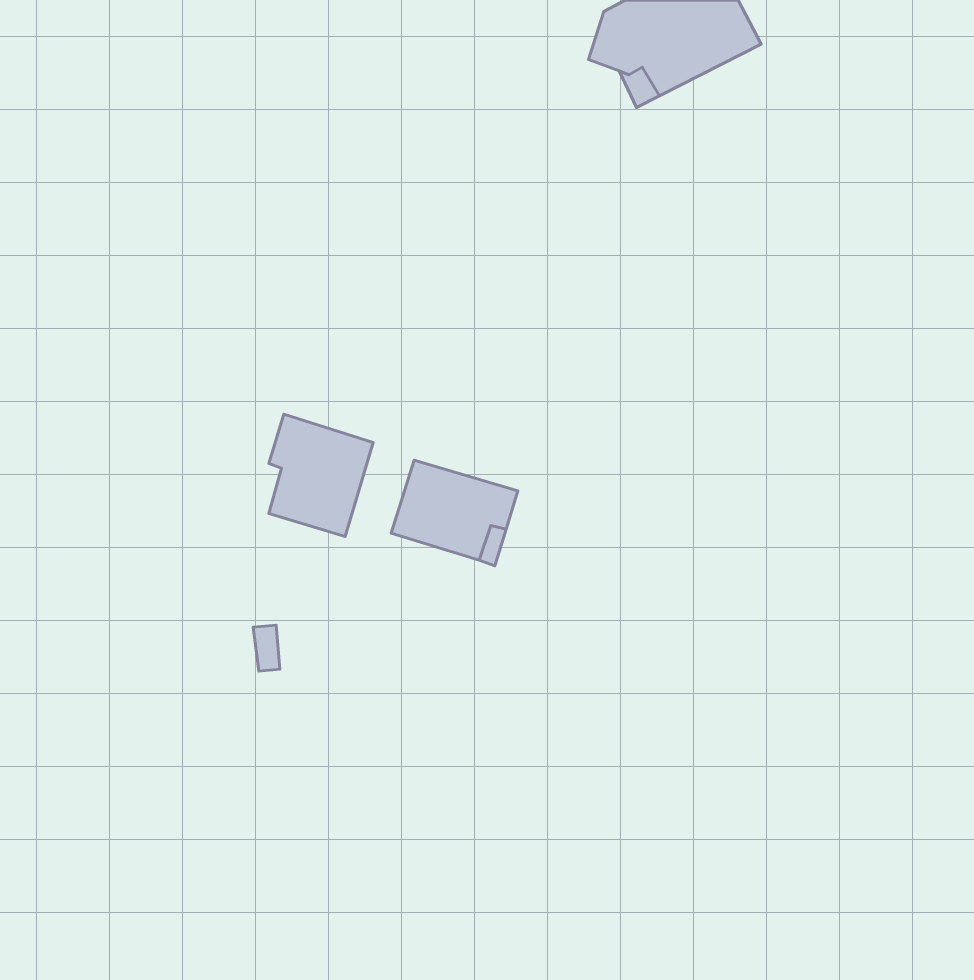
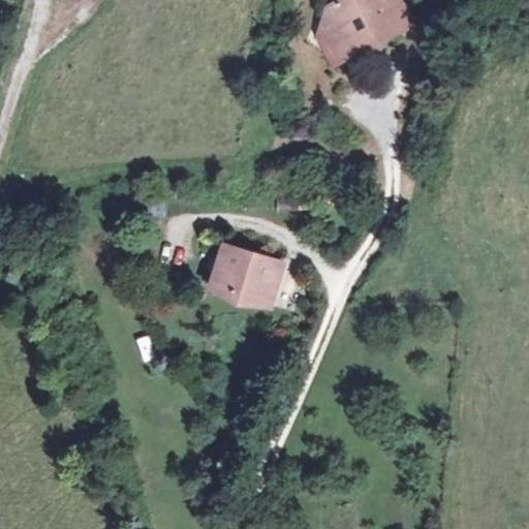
building: [269,414,373,537] -> none

